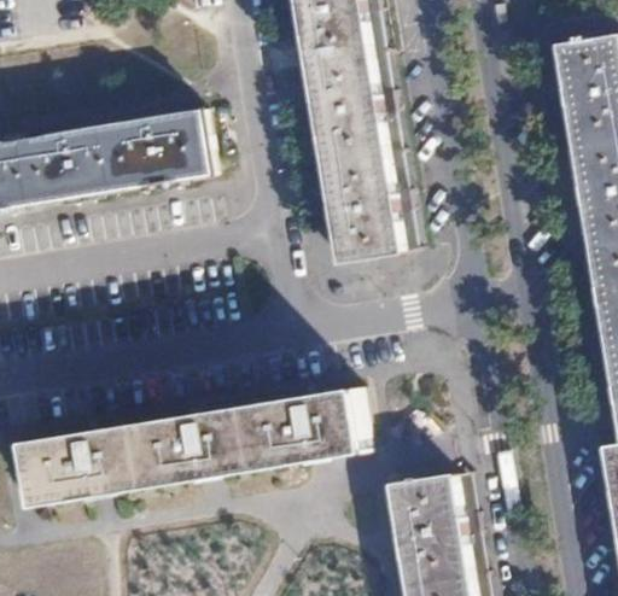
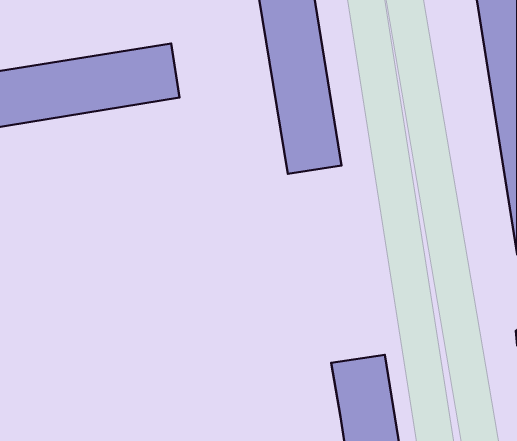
building: [28,387,367,504] -> none

